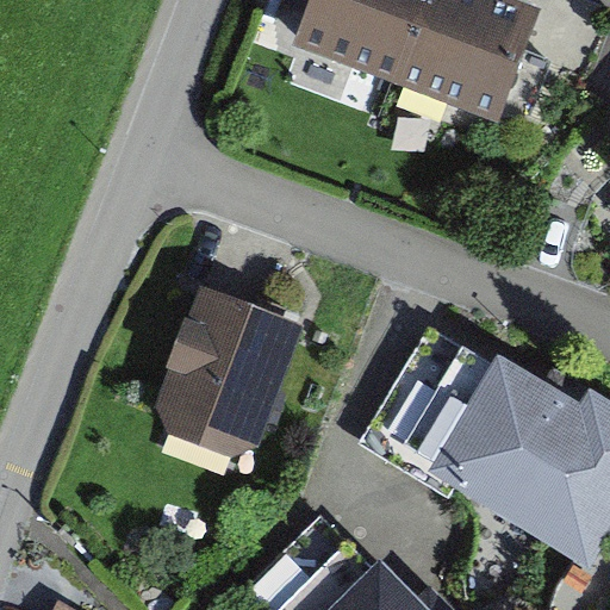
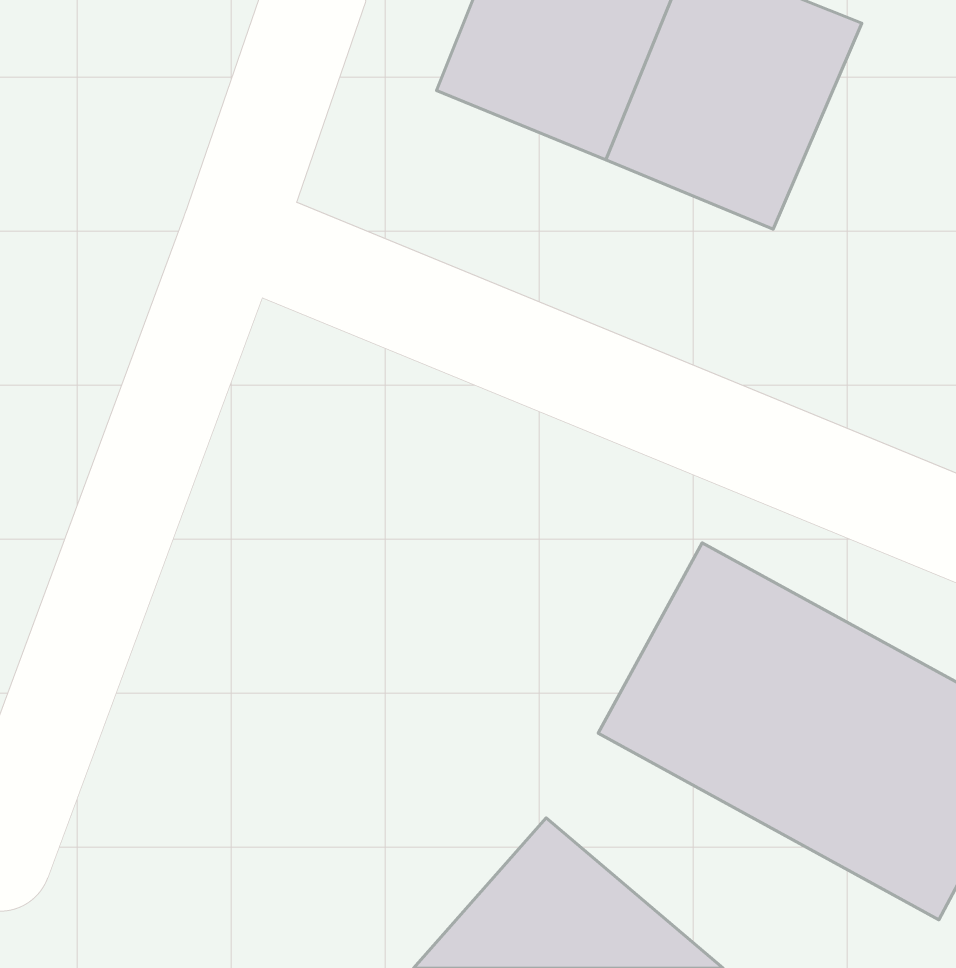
building: [154,288,303,450] -> none

